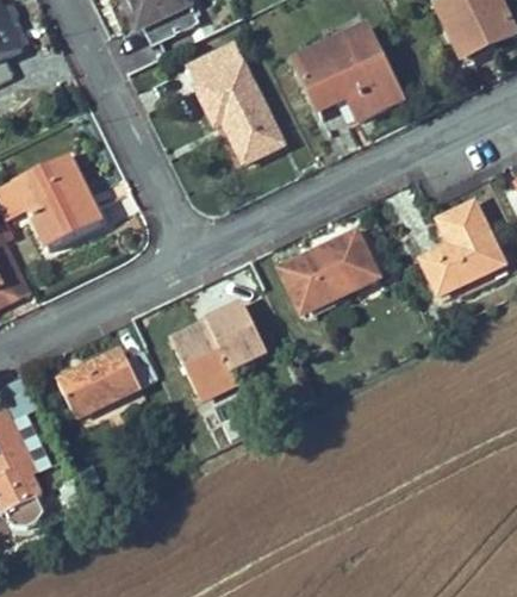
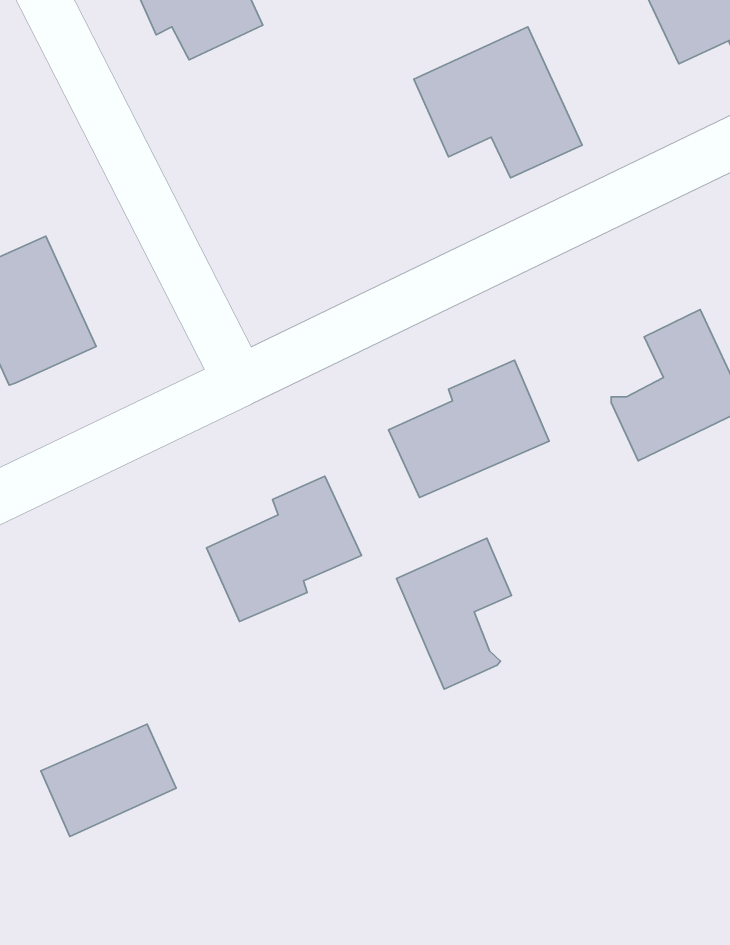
building: [193,44,286,167] -> none
building: none -> [396,538,511,689]
building: [52,350,136,419] -> [41,724,176,837]

